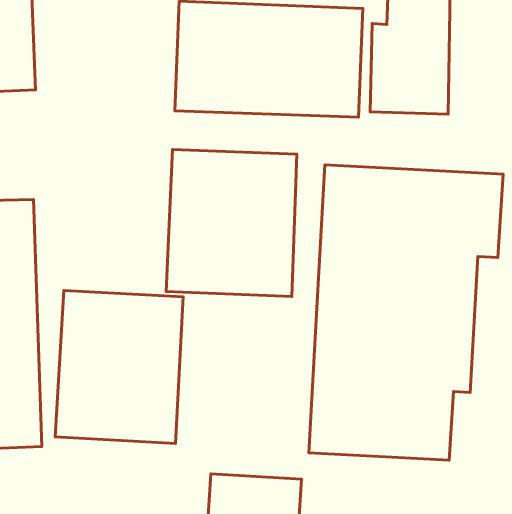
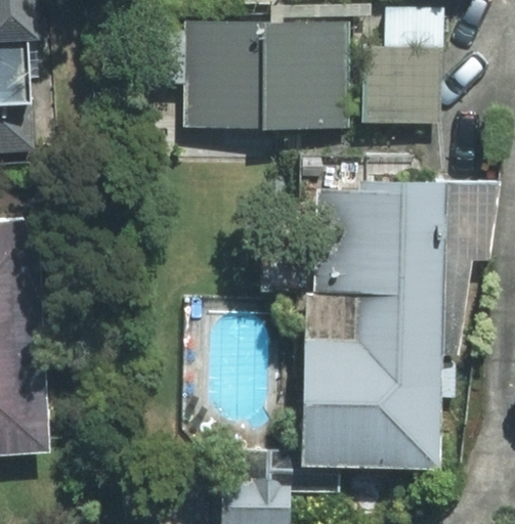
building: [166,149,297,296] -> none
building: [55,290,183,444] -> none

